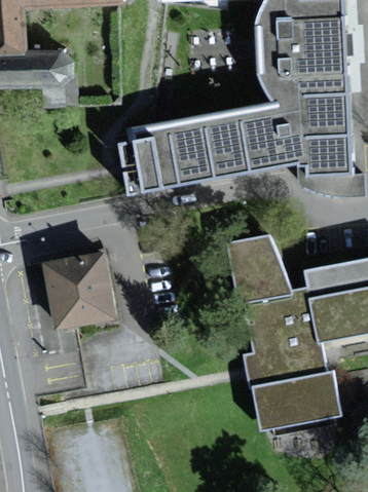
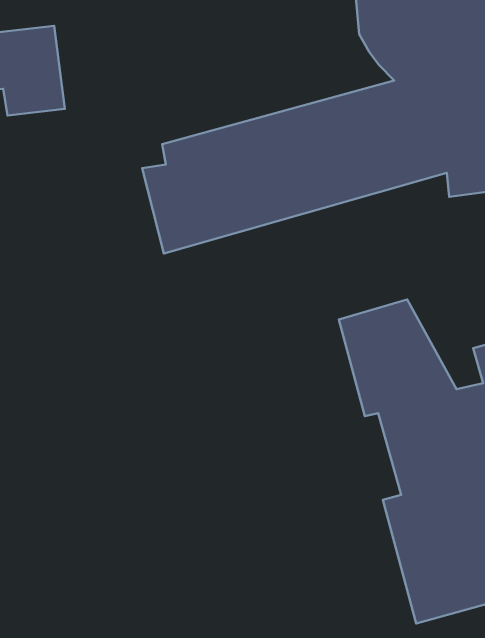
building: [43,251,112,326] -> none

